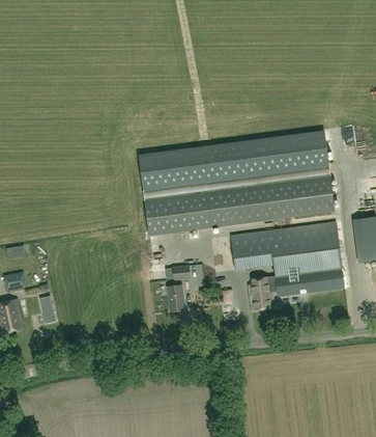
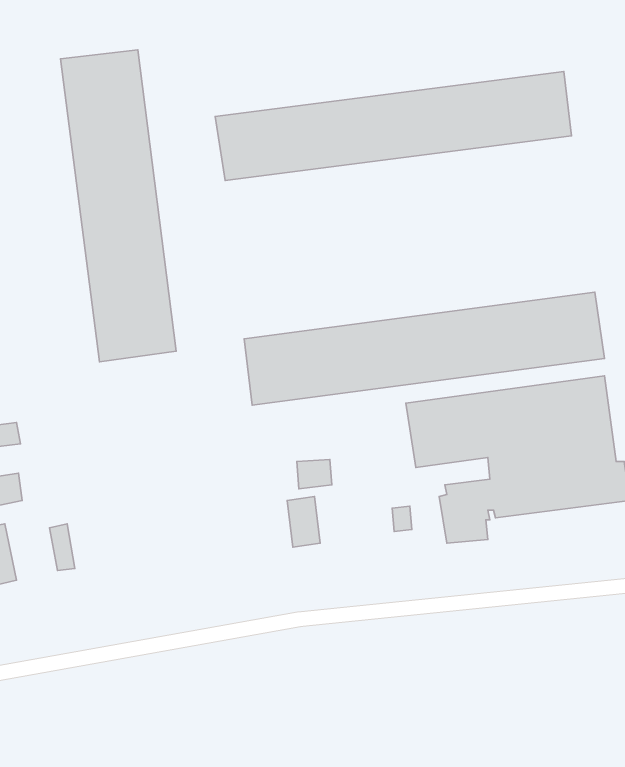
building: none -> [60,50,176,362]
building: [139,131,328,189] -> [215,72,572,181]

